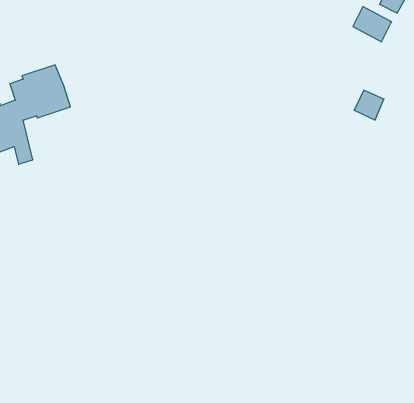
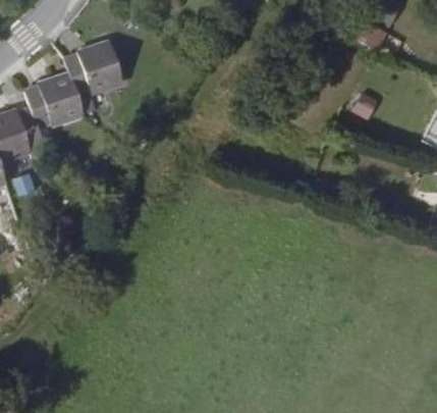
building: none -> [65,42,122,93]

